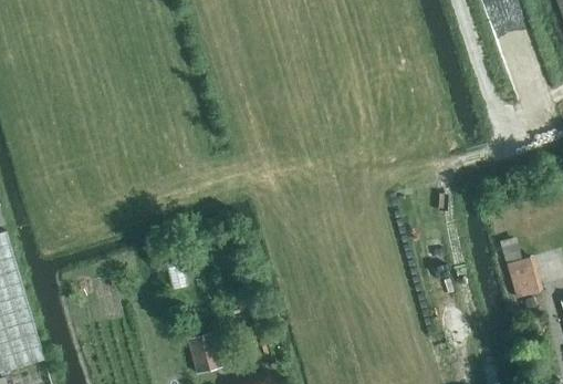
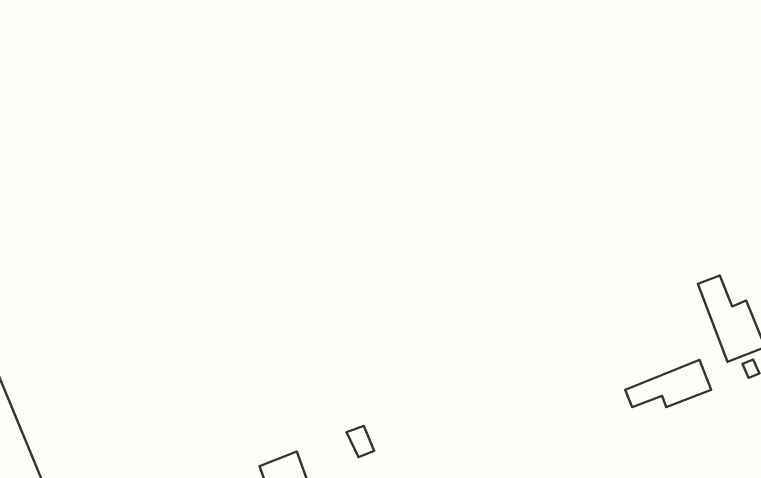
building: none -> [625,360,711,407]

